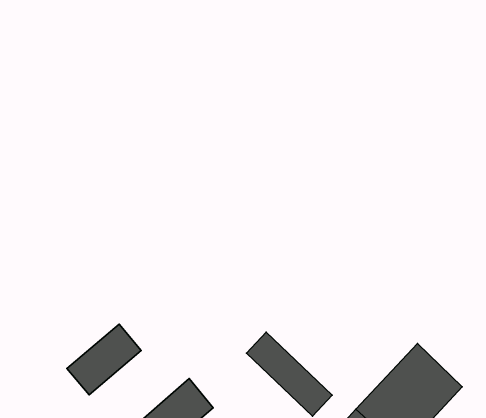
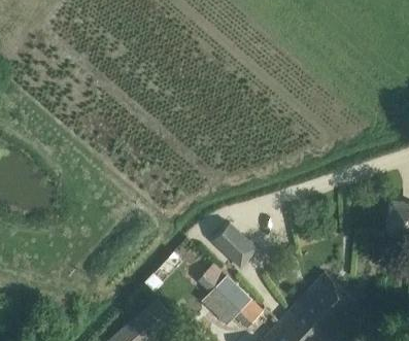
building: none -> [210,223,260,269]
building: [67,324,141,395] -> none

